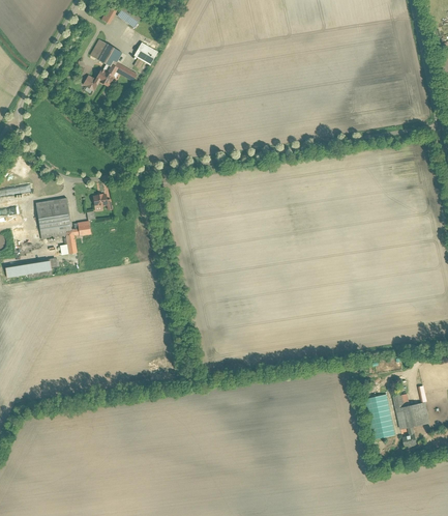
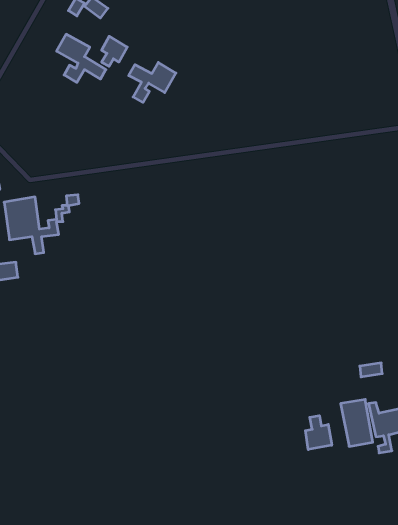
building: none -> [129,62,176,102]
building: none -> [305,416,332,450]

